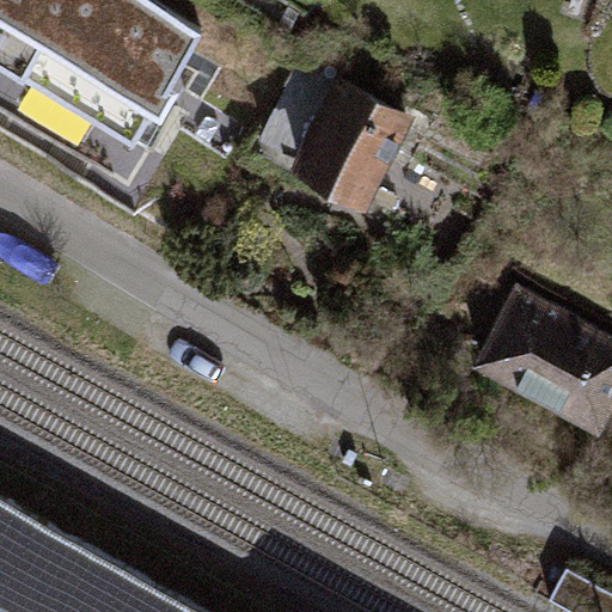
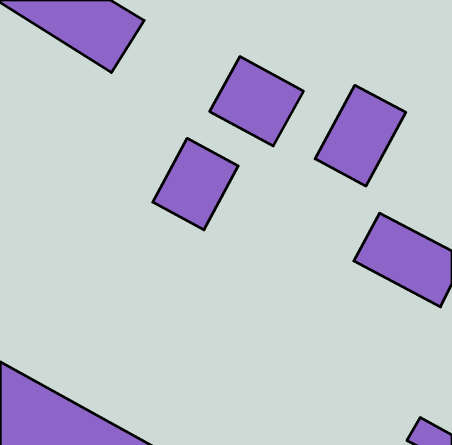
building: none -> [315,85,406,186]
building: none -> [153,138,238,230]

